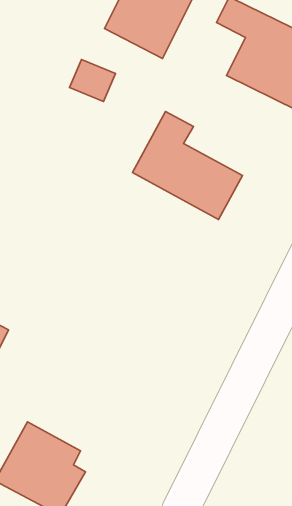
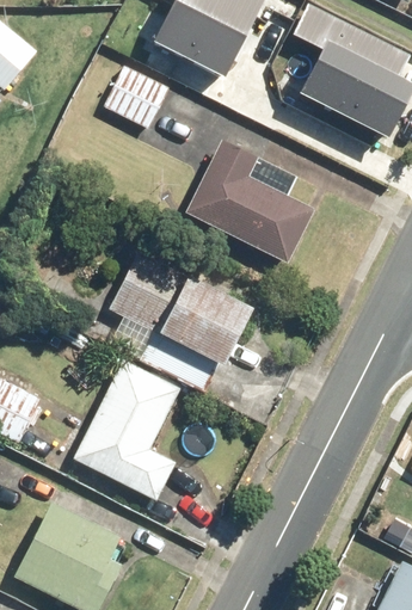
building: none -> [113,251,254,364]
building: none -> [73,363,183,504]

